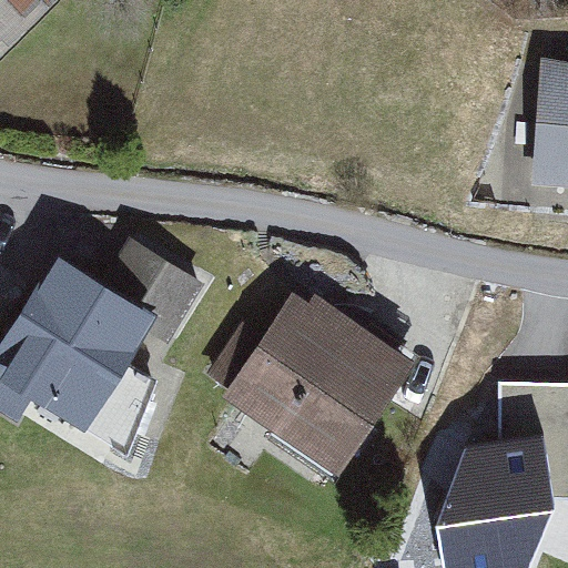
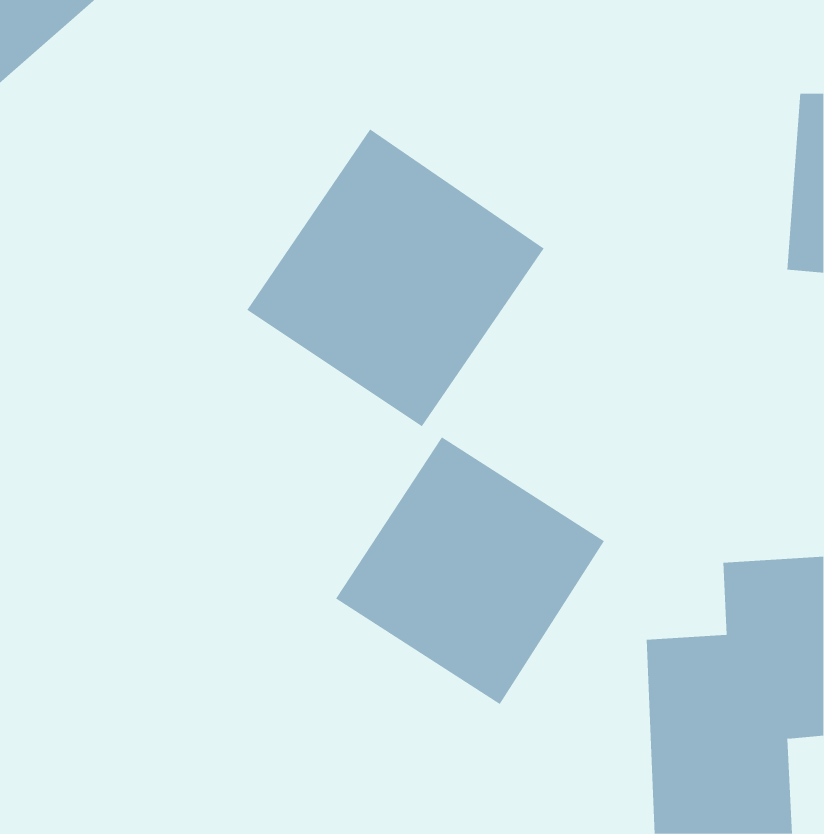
building: none -> [247,129,545,427]
building: [4,226,204,426] -> none

